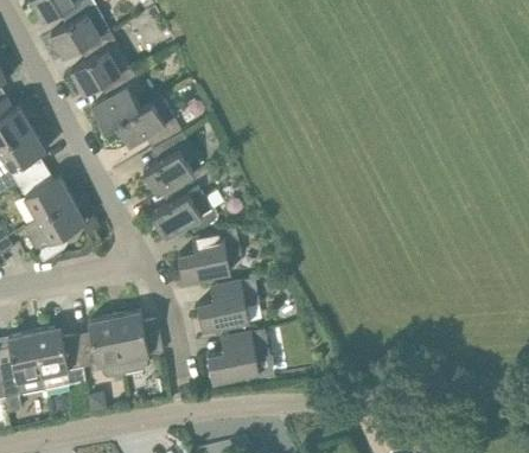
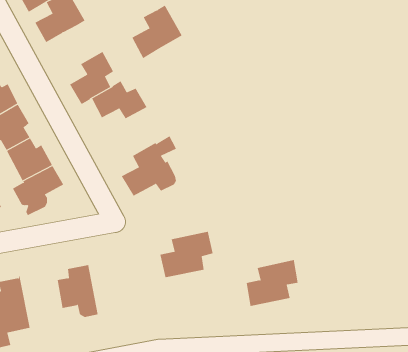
building: [70,32,129,95] -> [132,5,182,59]
building: [142,133,193,194] -> none
building: [178,229,240,282] -> none
building: [113,312,162,375] -> none
building: [33,327,85,390] -> none
building: [206,328,268,383] -> [246,260,299,306]

